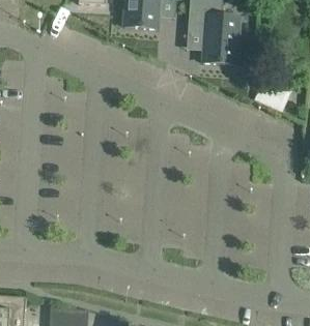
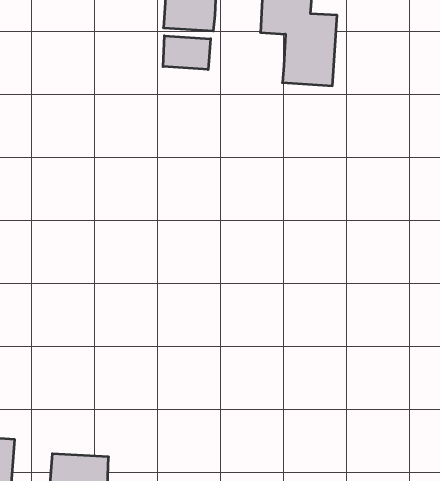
building: none -> [163,36,211,70]

